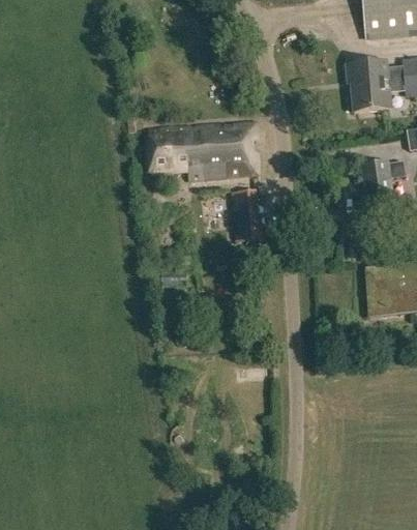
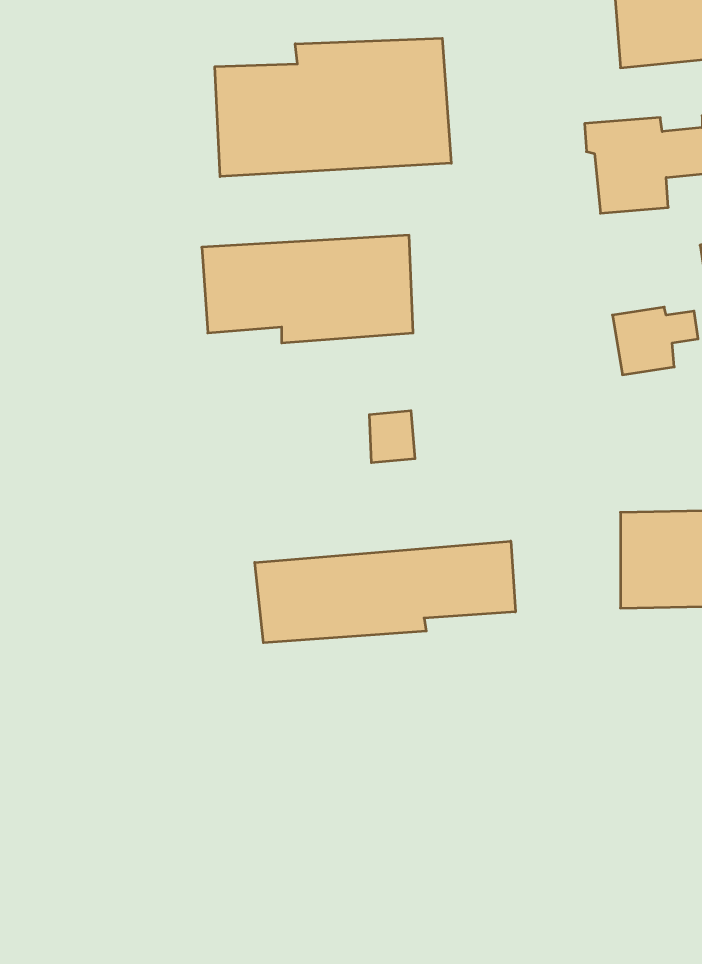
building: none -> [215,38,451,177]
building: none -> [255,541,515,643]

